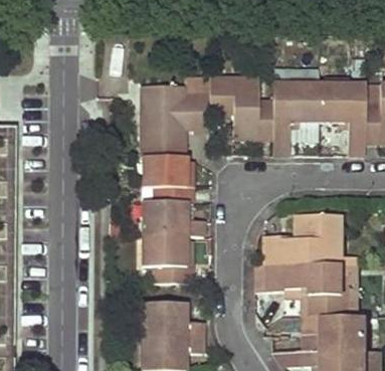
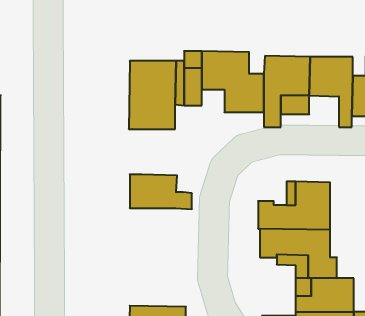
building: [141,157,194,204] -> none
building: [138,237,190,282] -> none
building: [139,302,200,338] -> none

